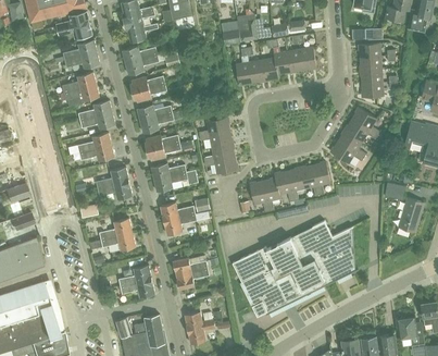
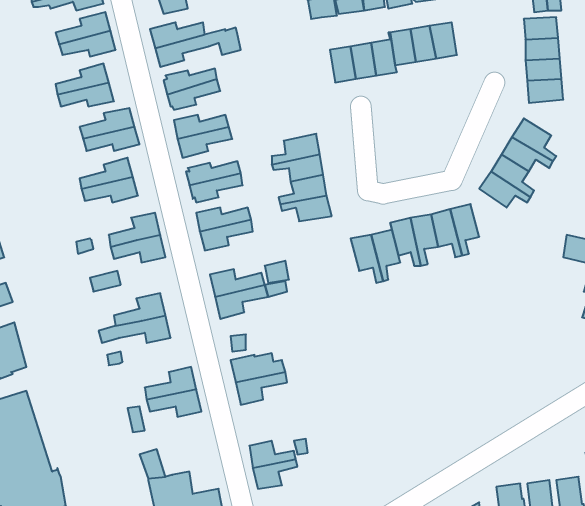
building: [231,221,355,317] -> none
building: [143,315,165,346] -> none

